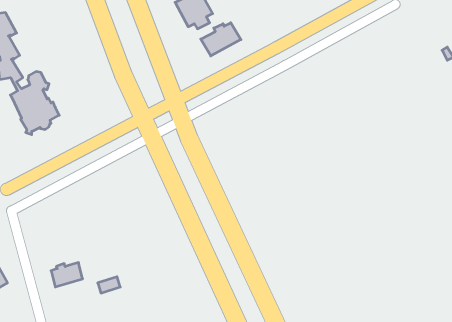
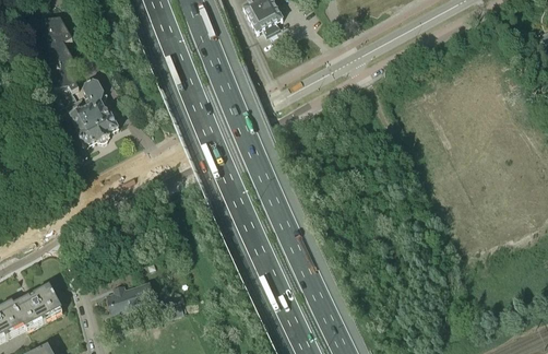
building: [201,23,241,56] -> none

